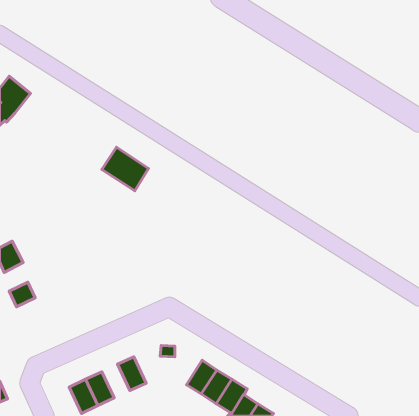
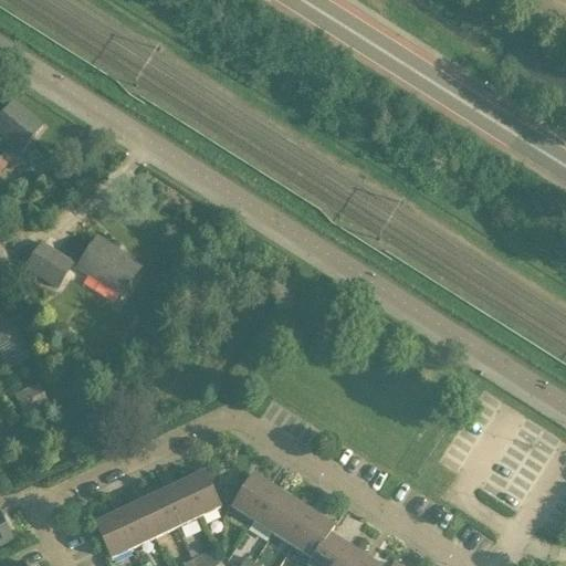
building: [102,147,149,191] -> [76,237,139,295]
building: none -> [22,237,73,285]
building: none -> [180,470,219,516]
building: none -> [230,472,272,518]
building: none -> [137,491,175,536]

